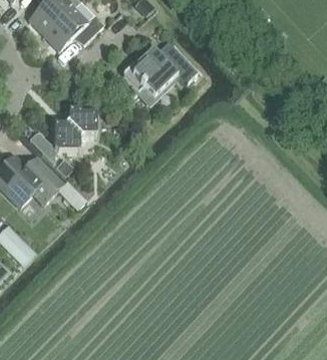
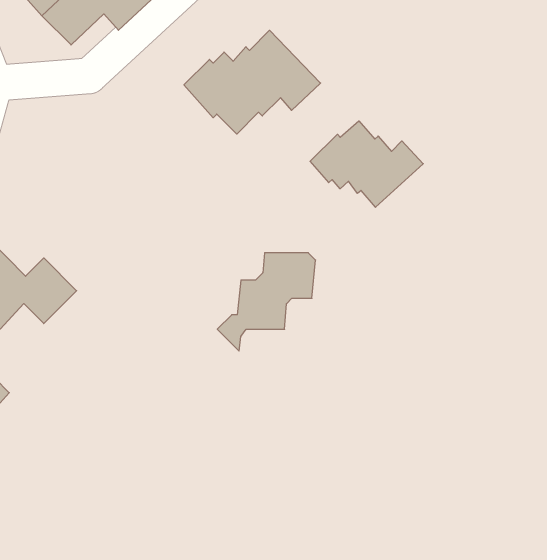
building: none -> [310,121,423,207]
building: [41,108,95,162] -> [217,253,316,351]

